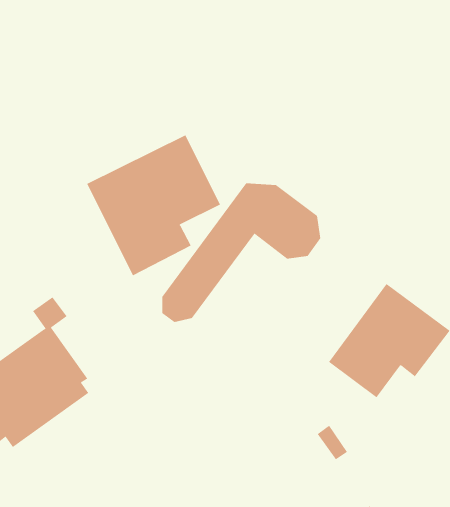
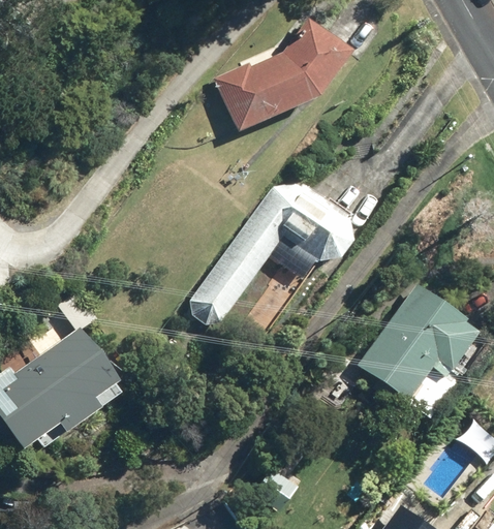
building: none -> [215,30,351,130]
building: [87,135,221,276] -> none

